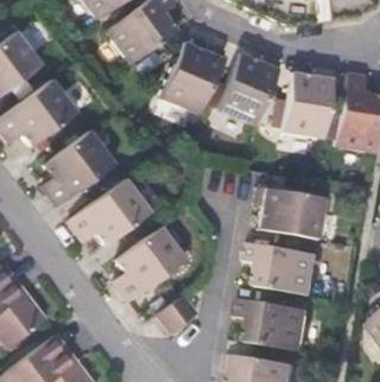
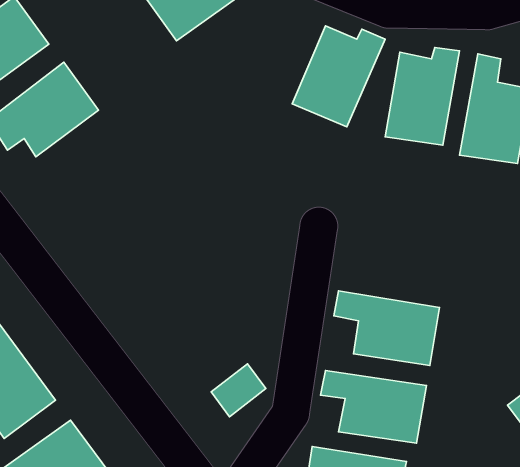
building: [162,42,227,113] -> none
building: [44,129,115,204] -> none
building: [70,178,152,246] -> none
building: [255,186,327,238] -> none
building: [115,225,186,300] -> none

